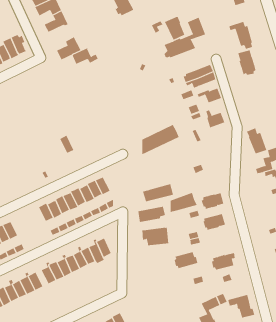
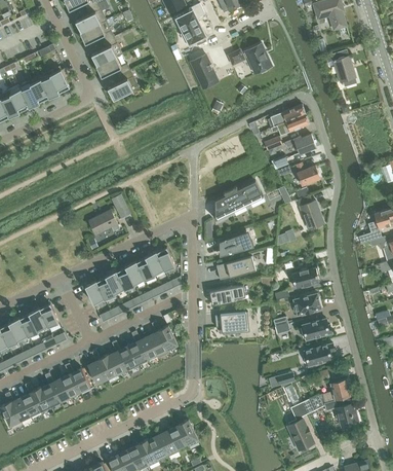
building: [164,17,206,59] -> none
building: none -> [190,55,217,88]
building: [72,47,98,64] -> [95,56,129,77]
building: [237,50,256,76] -> none
building: [246,127,267,154] -> [297,195,323,229]
building: none -> [88,210,119,236]
building: [170,192,197,213] -> [219,231,253,257]
building: [174,252,198,269] -> [301,319,331,340]
building: none -> [322,378,351,403]

